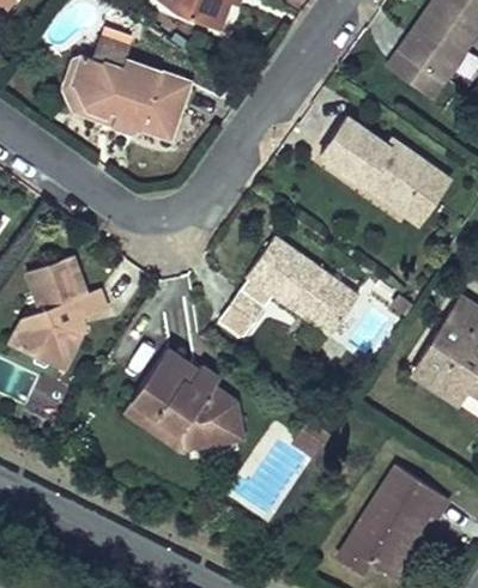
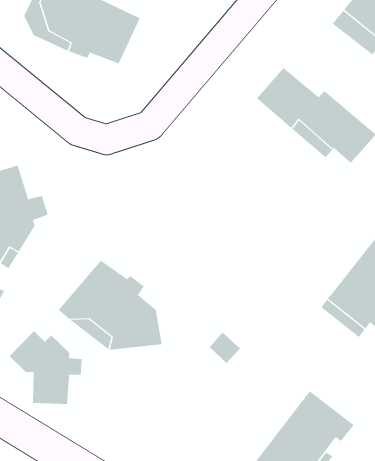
building: [219,232,362,337] -> none
building: none -> [9,330,82,405]

